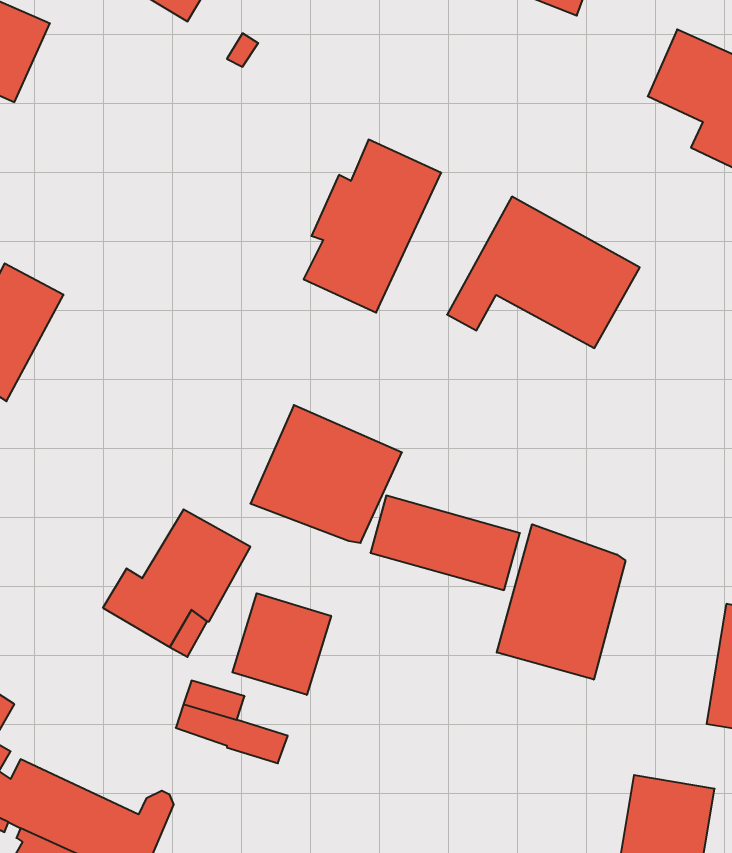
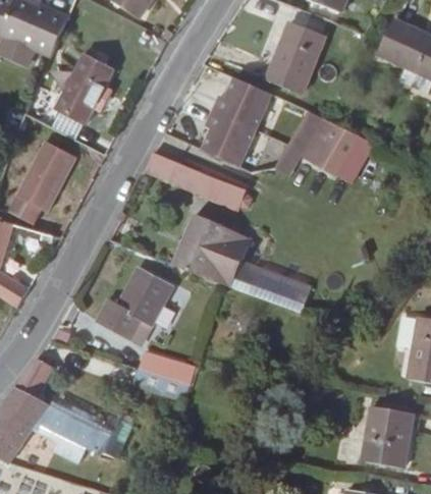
building: none -> [266,21,325,94]
building: none -> [50,54,112,122]
building: none -> [144,151,245,208]
building: [497,524,625,680] -> none
building: [232,593,331,695] -> none

